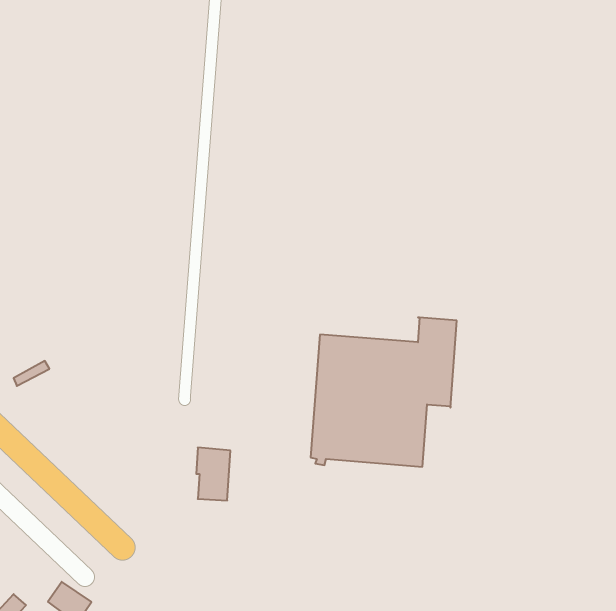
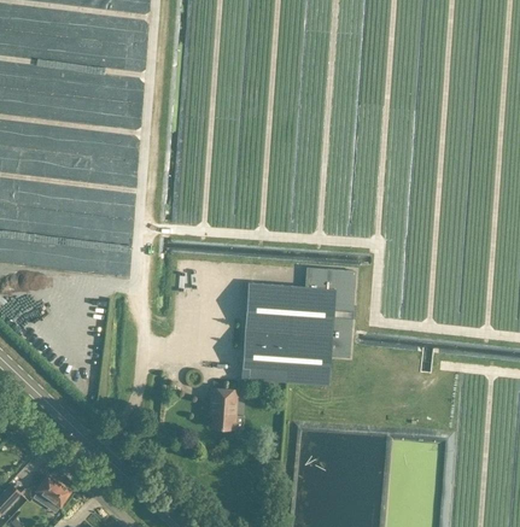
building: [196,448,230,500] -> [210,388,236,429]

